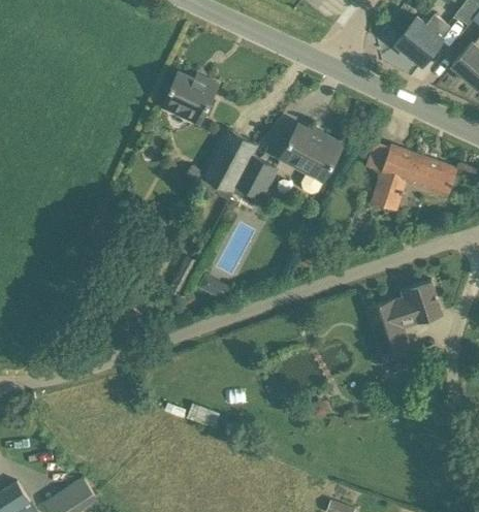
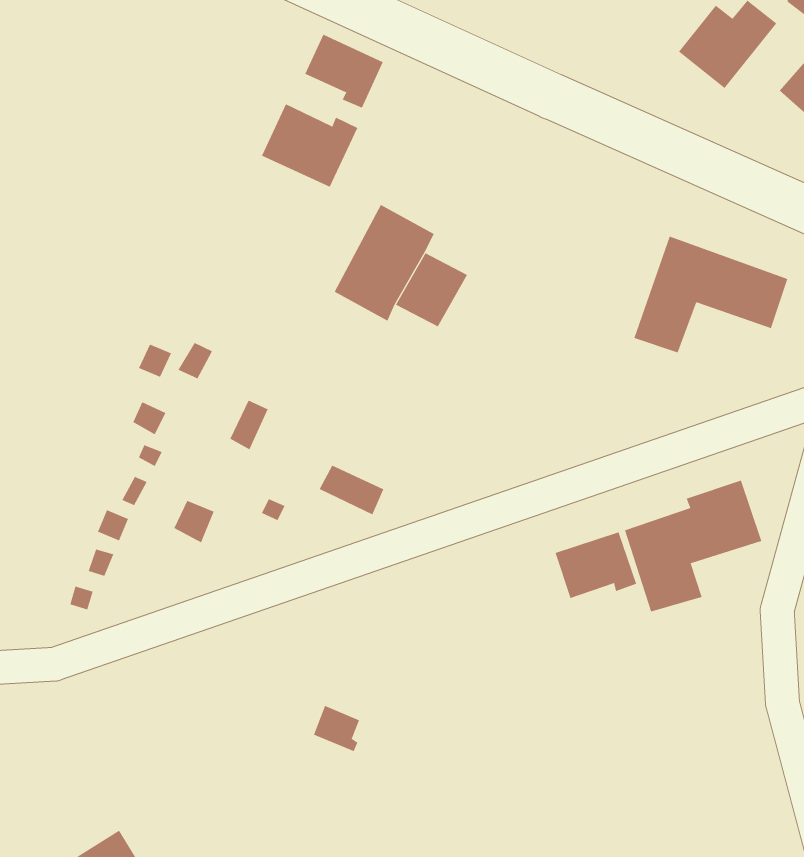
building: none -> [304,34,383,108]
building: [280,126,344,194] -> none
building: none -> [555,531,637,599]

